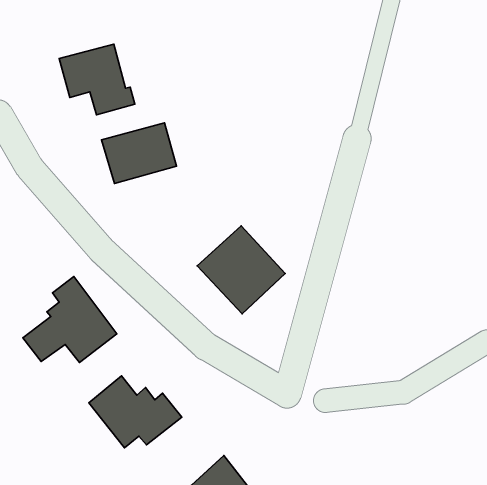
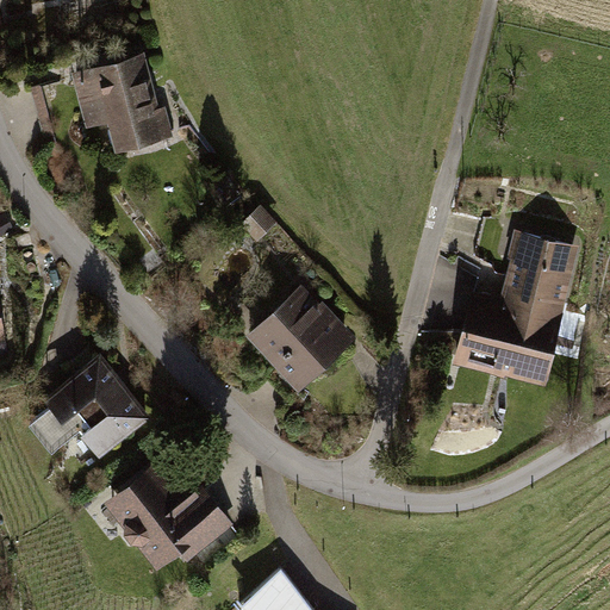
building: [102,123,176,184] -> none
building: none -> [459,231,580,381]

